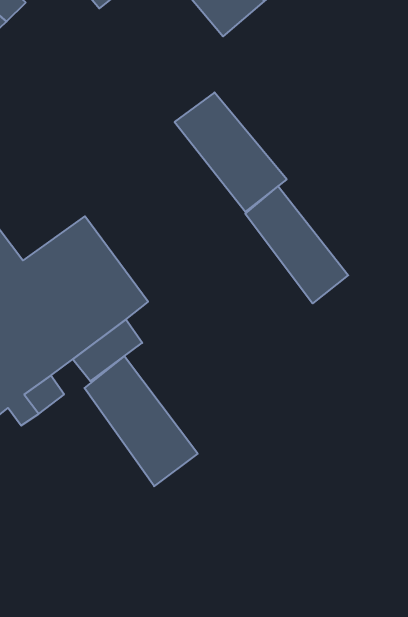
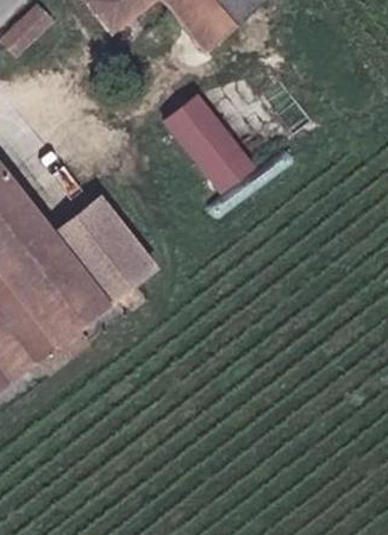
building: [245,186,348,303] -> none
building: [84,356,198,486] -> none

